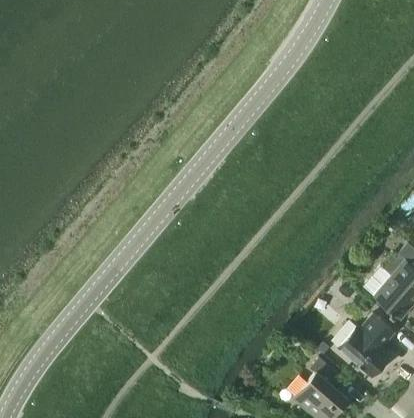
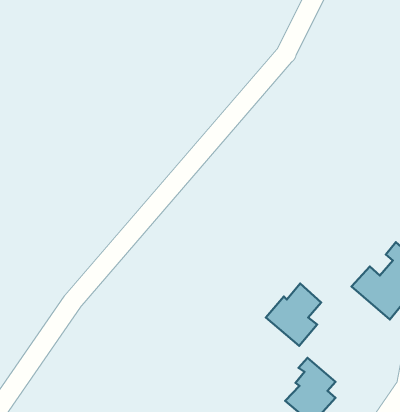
building: [339,316,394,378] -> [266,283,321,346]

